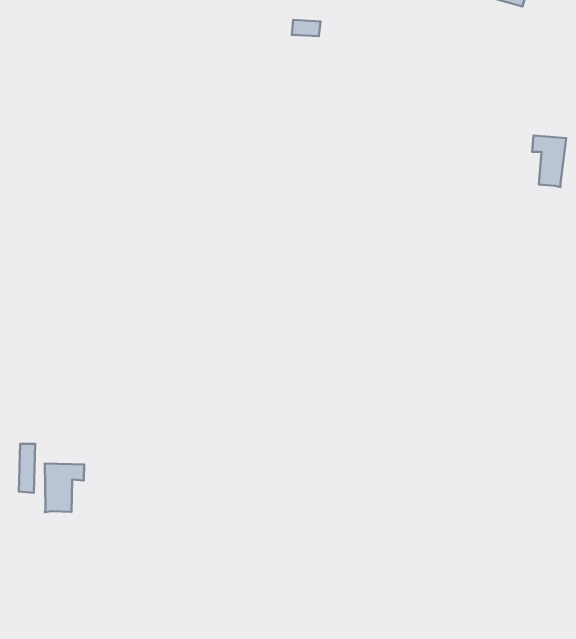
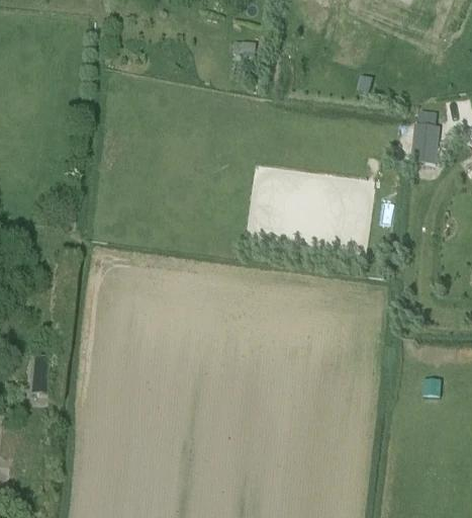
building: [45,463,84,512] -> none

